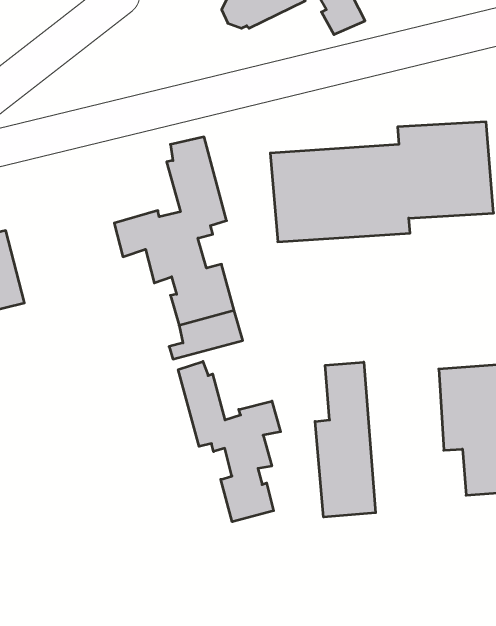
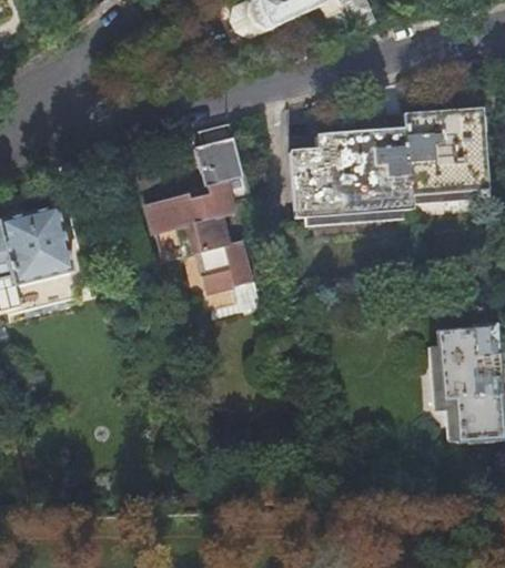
building: [178,361,281,522] -> none
building: [315,362,376,517] -> none

